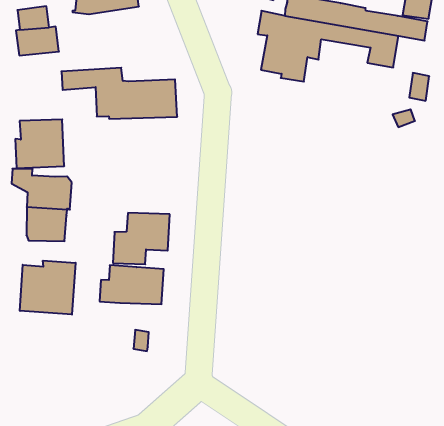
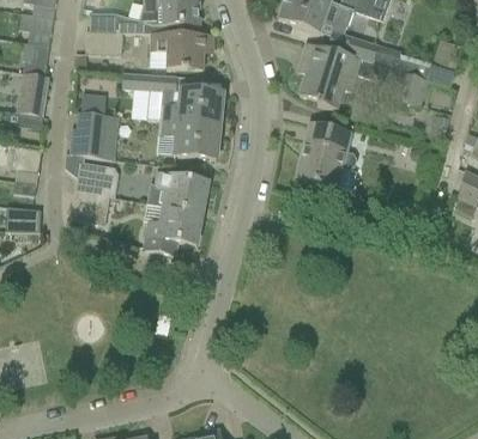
building: none -> [150,31,206,69]
building: none -> [295,123,355,187]
building: none -> [157,120,219,158]
building: [20,261,76,315] -> none
building: [100,265,164,304] -> [146,171,207,212]

